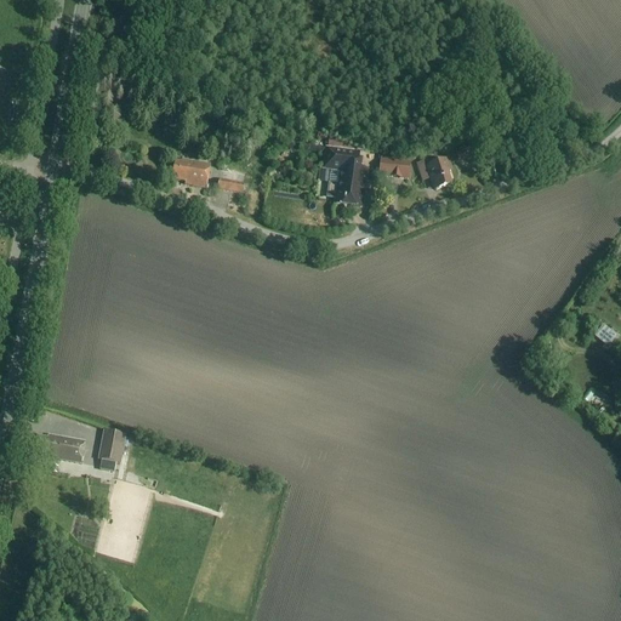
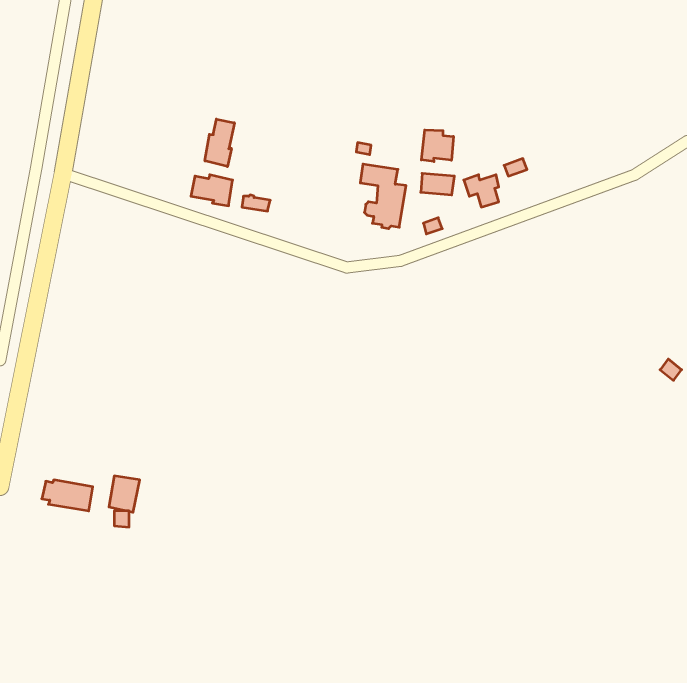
building: none -> [205,119,234,167]
building: none -> [421,130,453,162]

